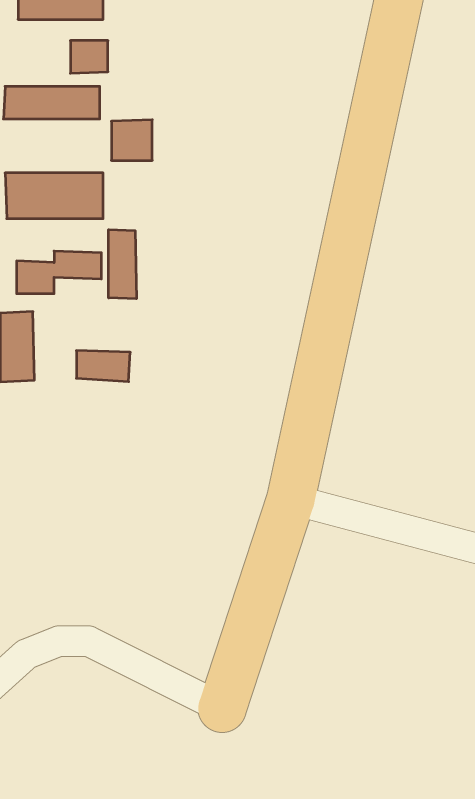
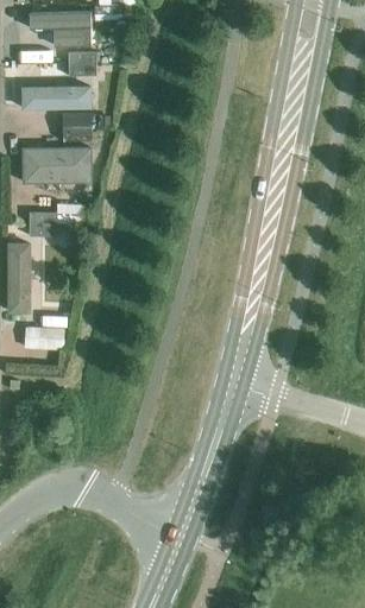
building: [111,120,152,160] -> [61,110,90,140]
building: [109,230,136,299] -> none
building: [76,351,130,382] -> [24,327,63,349]

